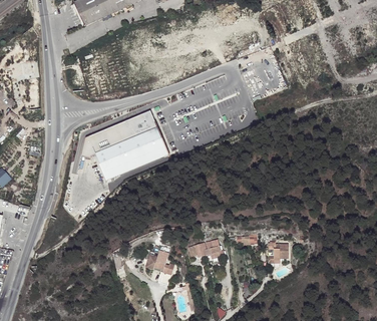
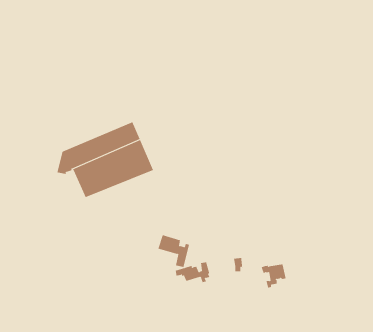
building: [144,254,173,284] -> [158,235,190,268]

